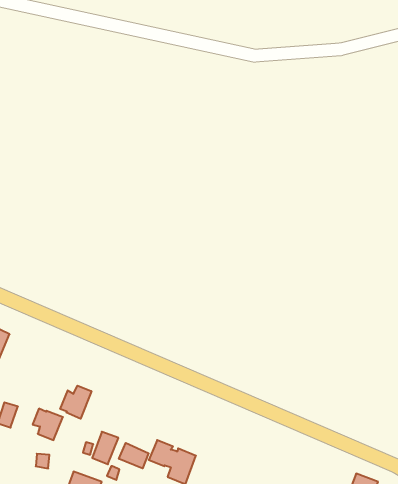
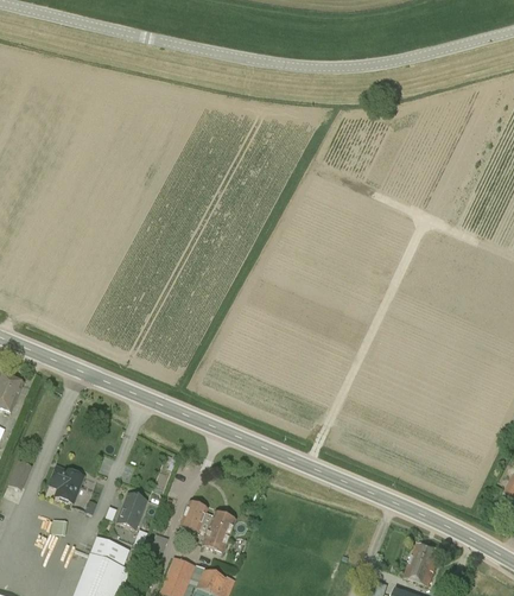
building: [60,386,91,419] -> none
building: [119,443,149,468] -> none

